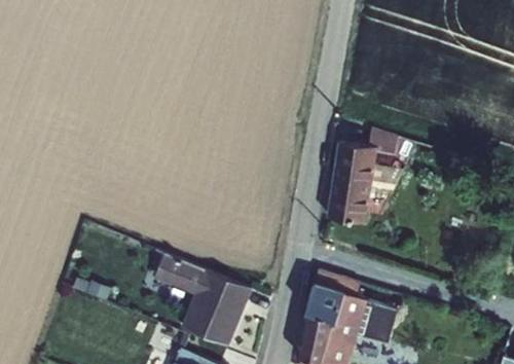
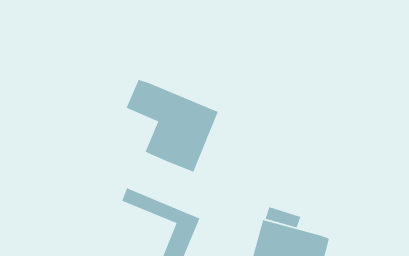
building: none -> [125,79,219,173]
building: [324,133,397,226] -> none

